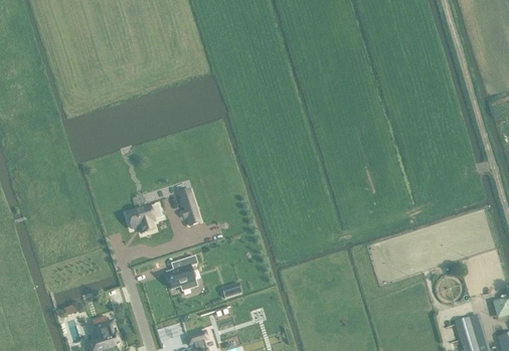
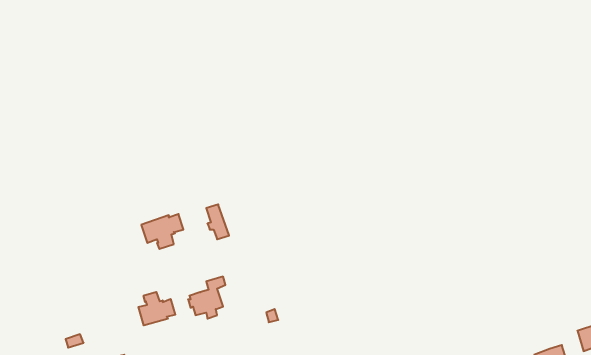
building: none -> [138,292,175,325]

